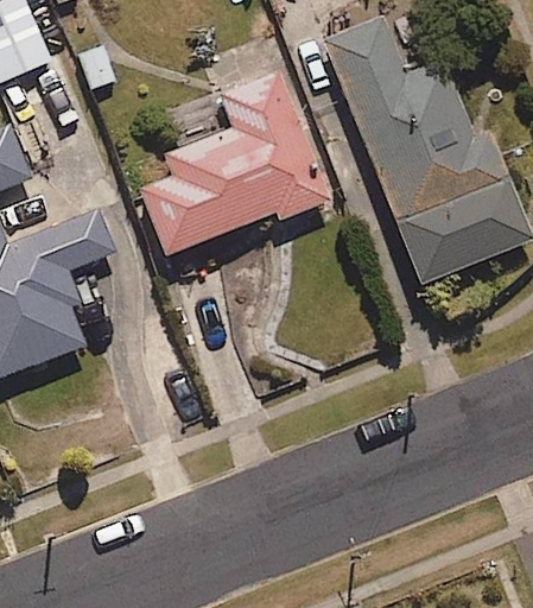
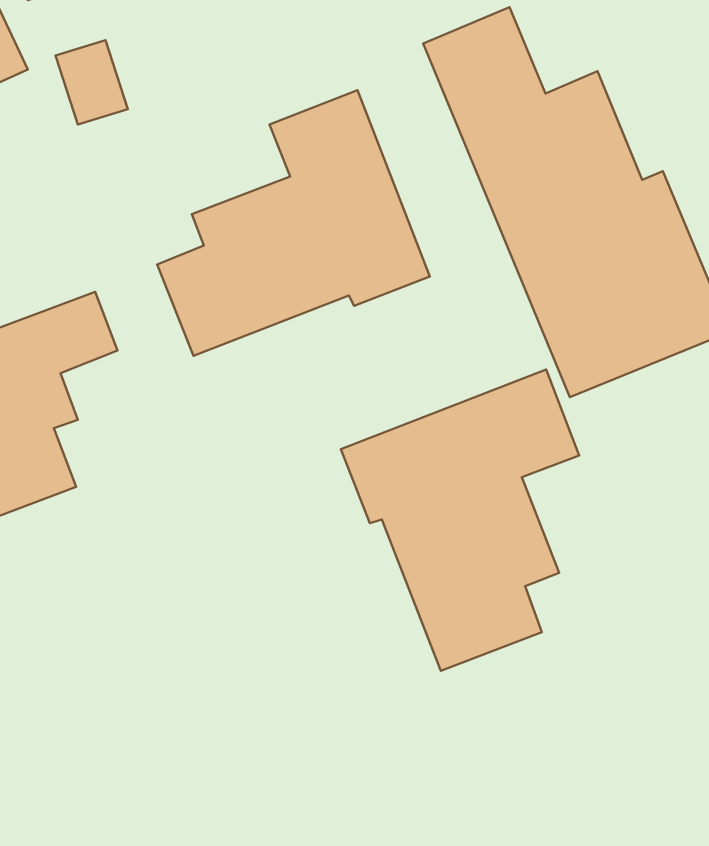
building: none -> [341,369,579,671]

